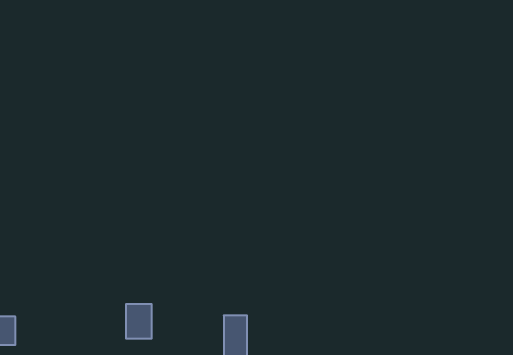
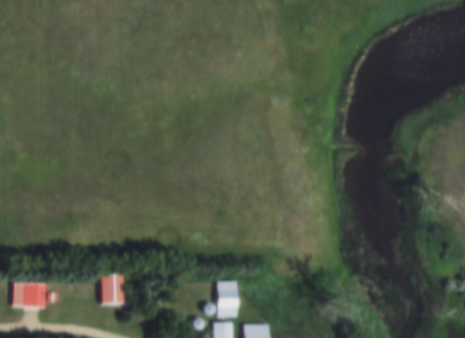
building: [126,304,152,339] -> [100,274,122,303]

